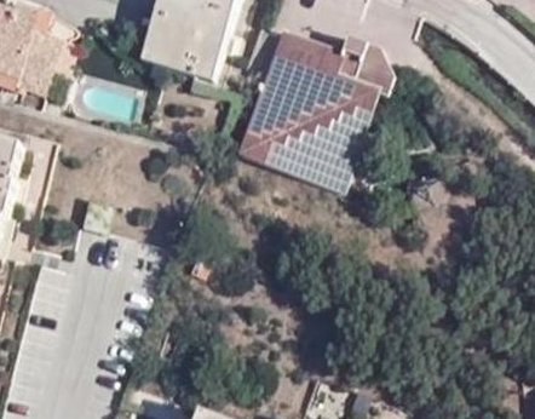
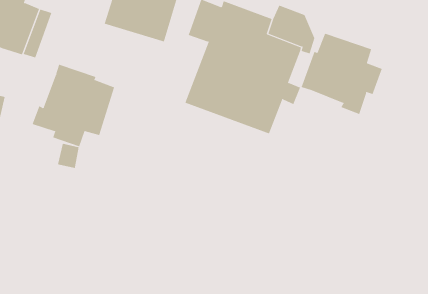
building: none -> [301,33,382,115]
building: none -> [32,64,115,147]

